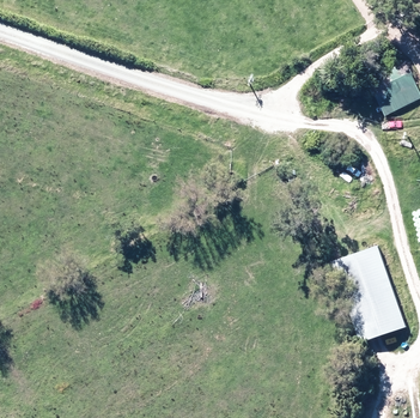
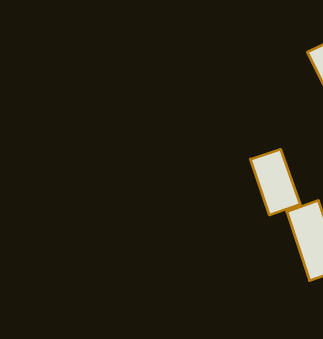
building: none -> [250,149,300,215]

